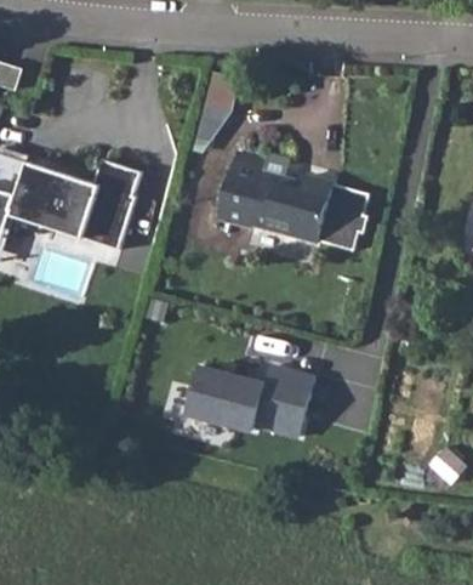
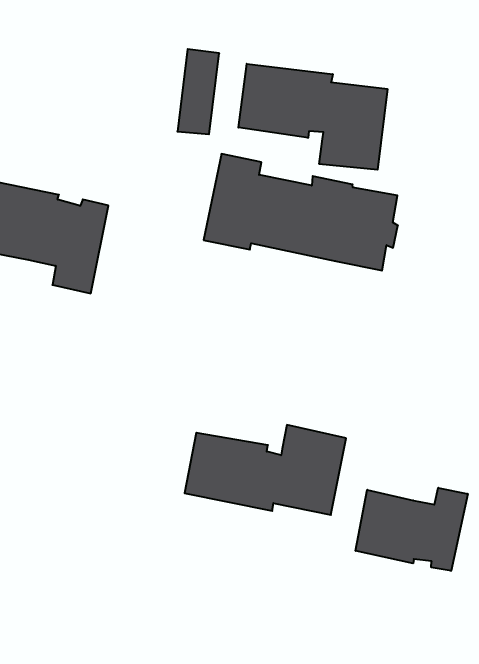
building: none -> [238,64,387,170]
building: none -> [356,488,468,571]

